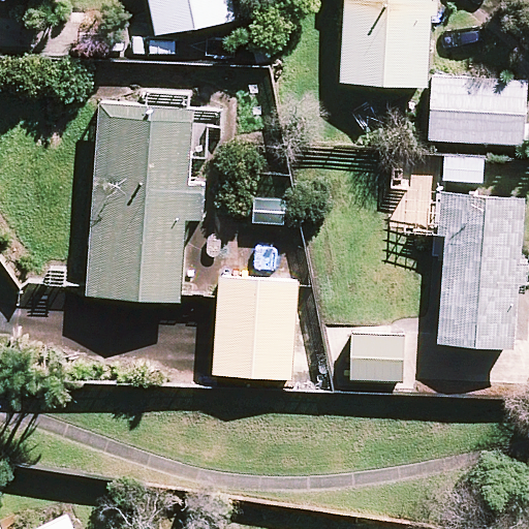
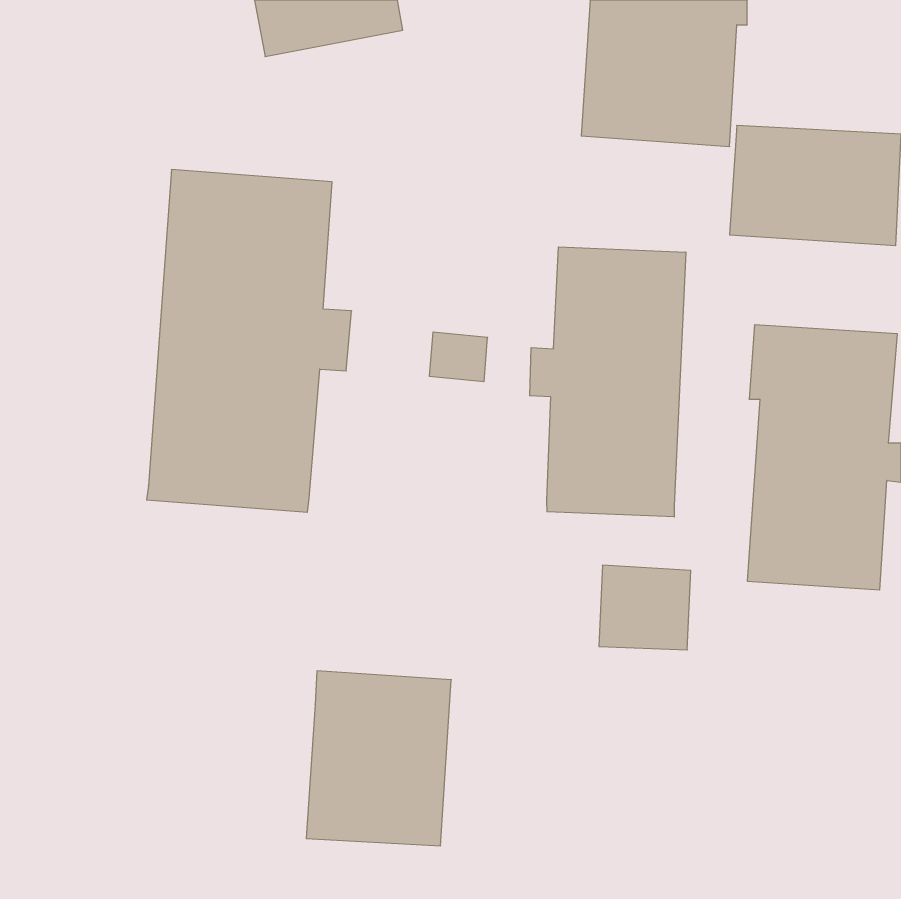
building: none -> [530,247,686,517]
building: [213,276,298,378] -> [306,671,451,846]

